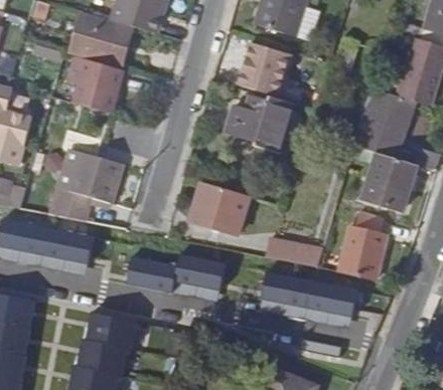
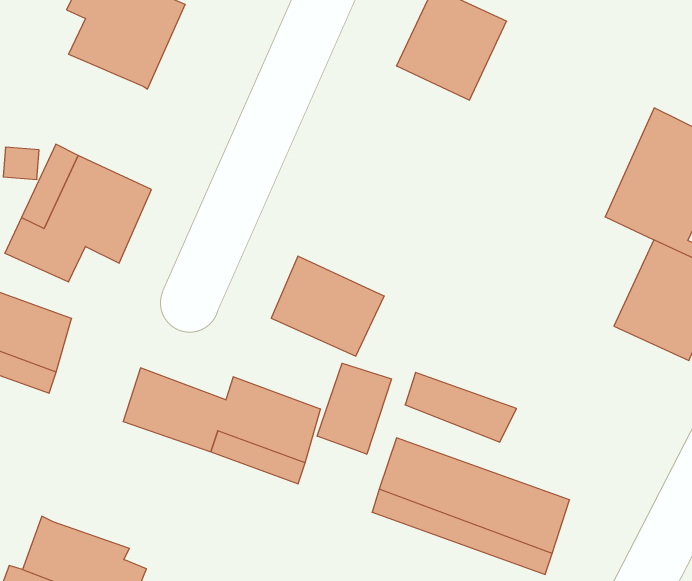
building: [226,96,293,153] -> none
building: [341,212,390,282] -> none
building: none -> [317,363,391,454]
building: [98,310,161,348] -> none

